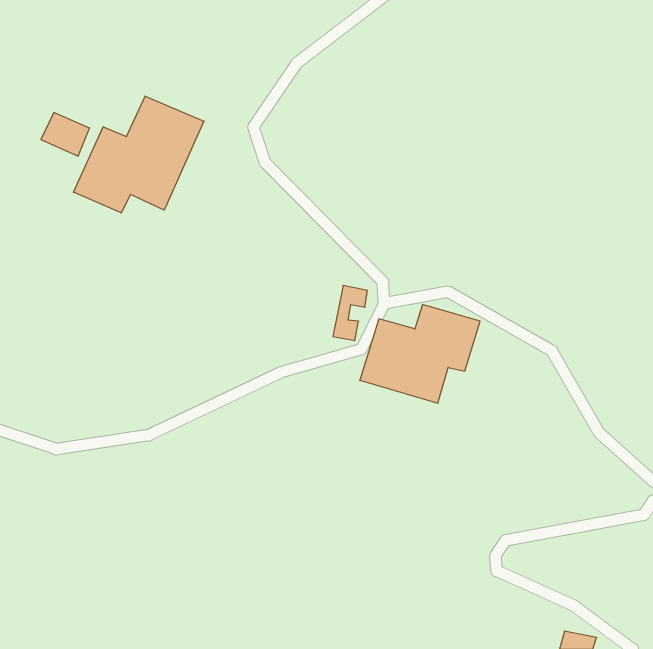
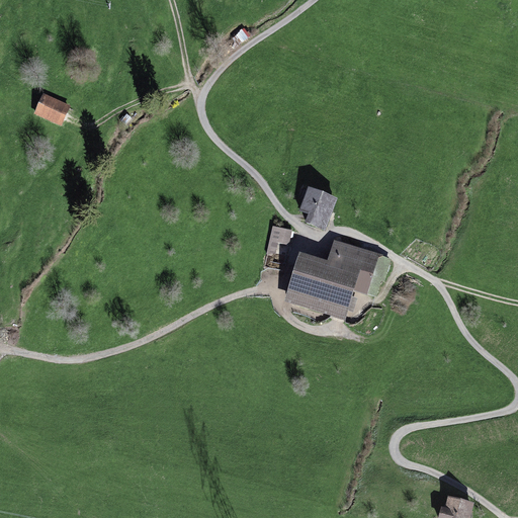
building: [73,96,204,213] -> none
building: none -> [299,188,337,229]

